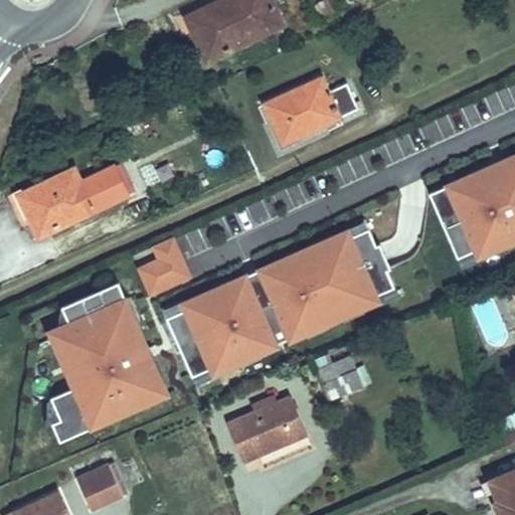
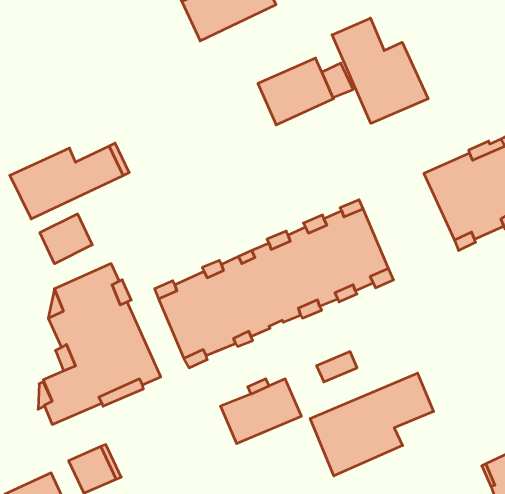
building: none -> [332,18,428,123]
building: none -> [40,214,92,264]
building: [139,237,190,295] -> none
building: none -> [310,373,434,476]

